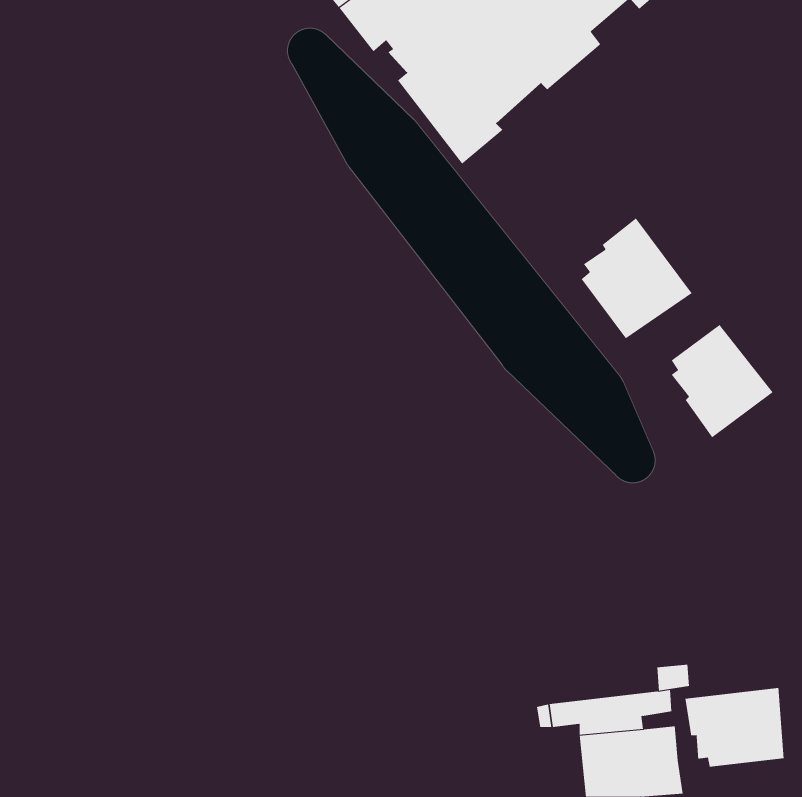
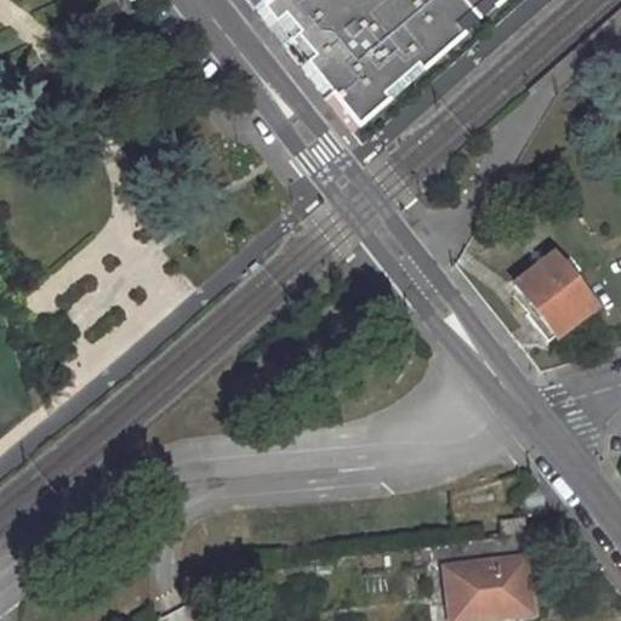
building: [581,218,693,339] -> none
building: [685,687,784,768] -> none

